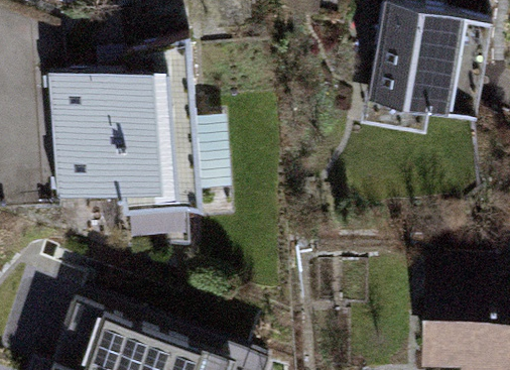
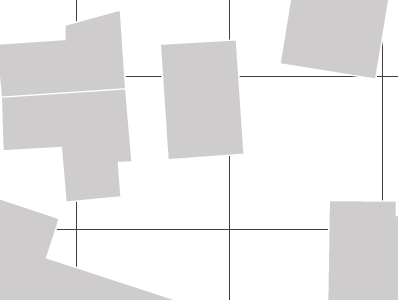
building: none -> [160,40,244,160]

